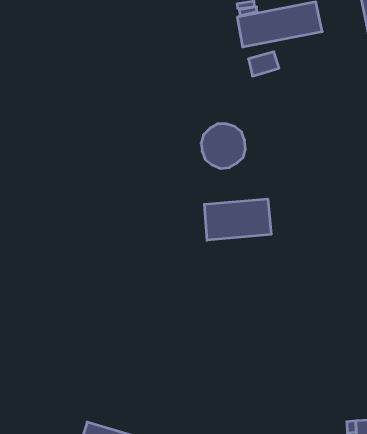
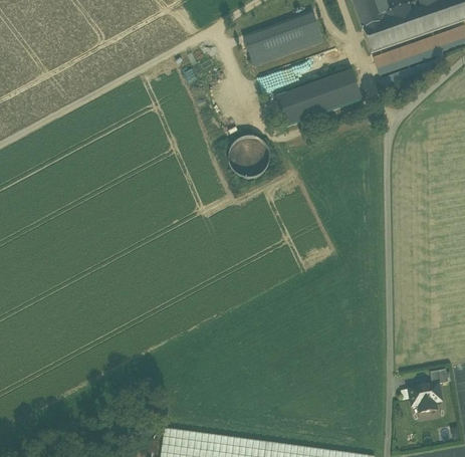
building: none -> [276,70,363,127]
building: [204,199,271,240] -> none

